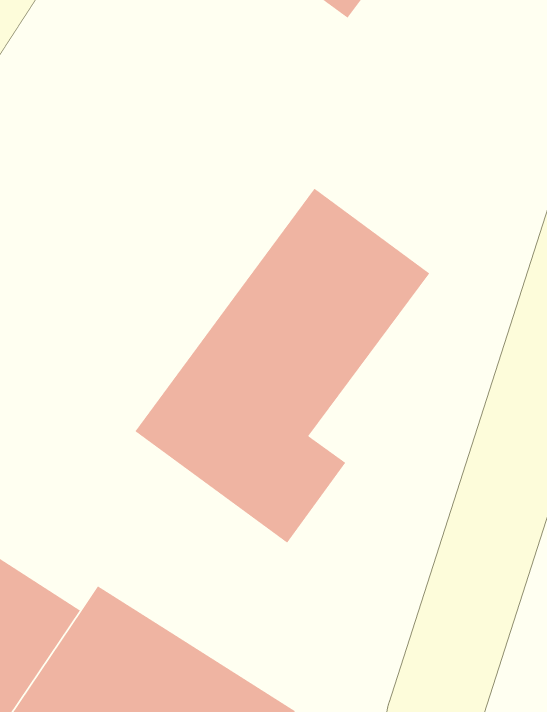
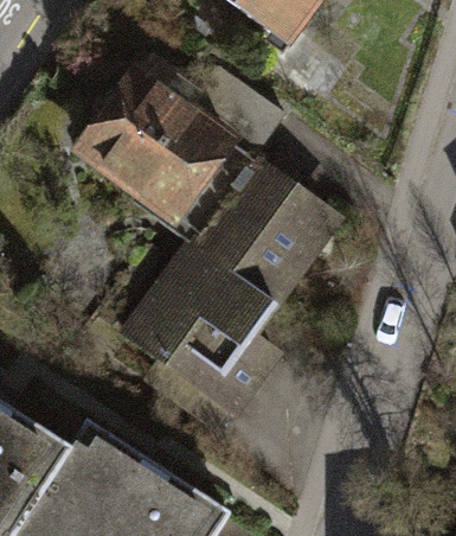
building: none -> [84,59,257,237]

